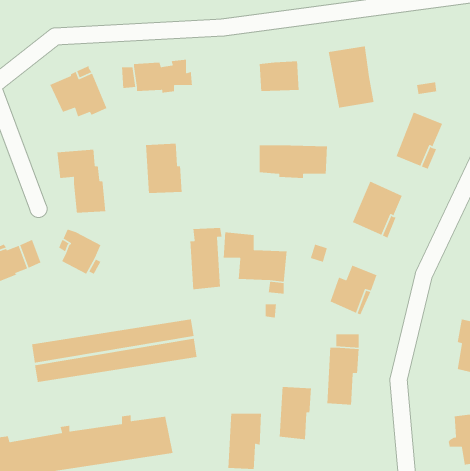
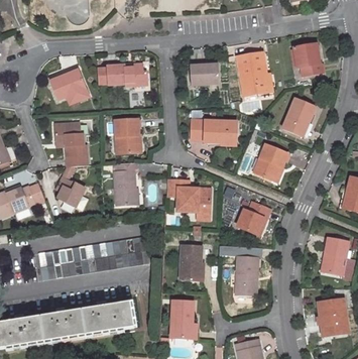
building: none -> [291,42,322,74]
building: [189,227,222,290] -> [115,161,137,204]
building: [279,386,312,440] -> [178,244,201,280]

